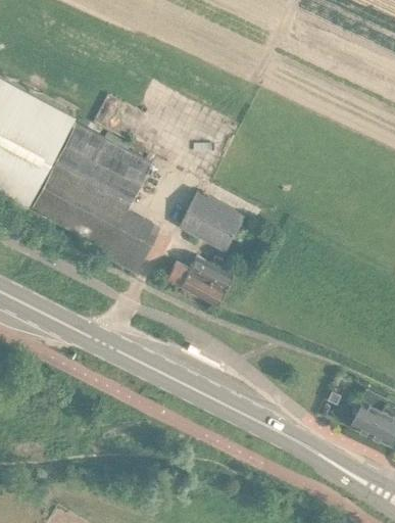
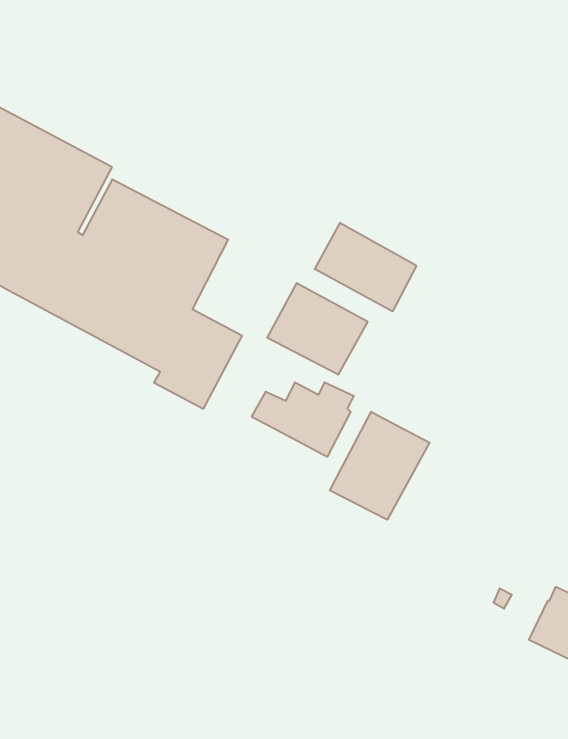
building: none -> [315,223,416,311]
building: none -> [330,412,430,520]

